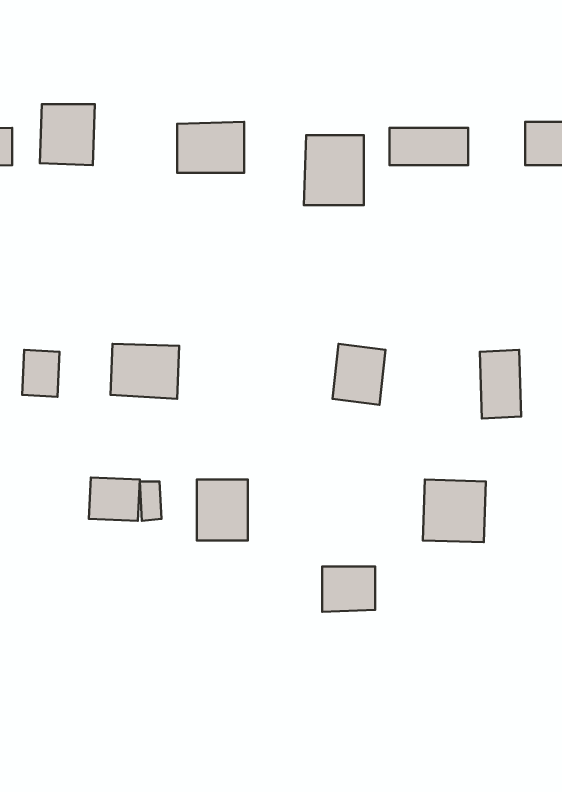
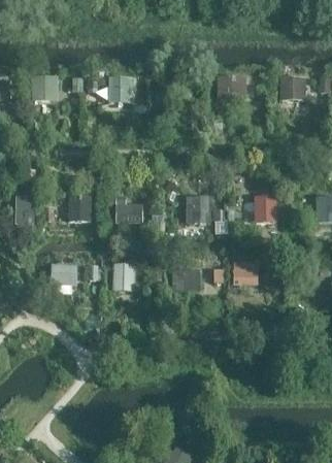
building: [304,135,364,205] -> none
building: none -> [118,193,146,221]
building: [322,567,375,612] -> [174,269,202,293]

